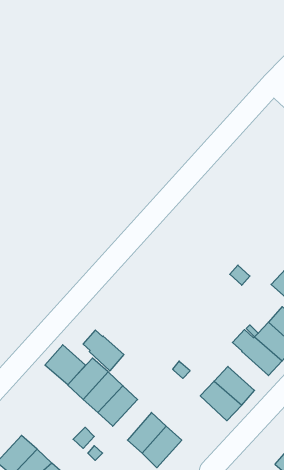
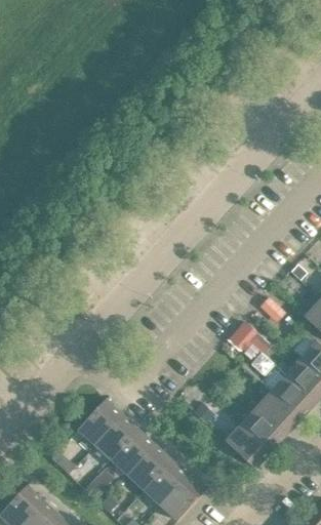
building: none -> [229,319,274,363]
building: [83,330,124,371] -> none
building: [45,345,85,385] -> none
building: none -> [255,392,300,435]
building: none -> [127,445,170,490]

